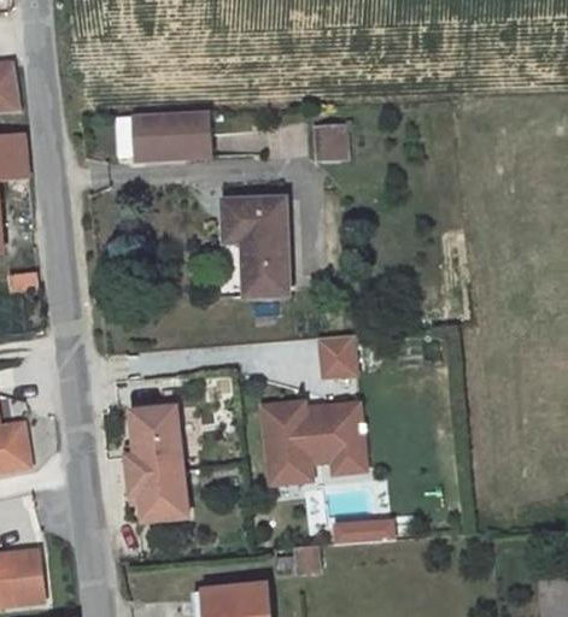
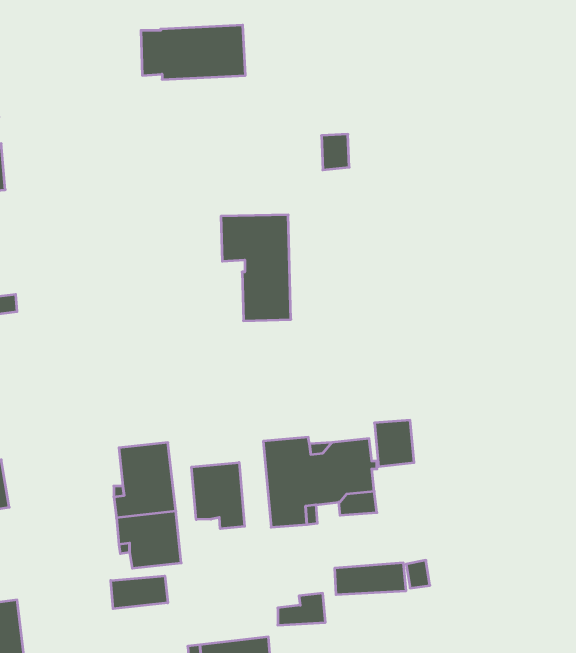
building: [116,110,211,159] -> [141,25,245,79]
building: [320,334,356,376] -> [374,420,414,467]
building: none -> [192,462,245,529]
building: none -> [111,576,168,609]

